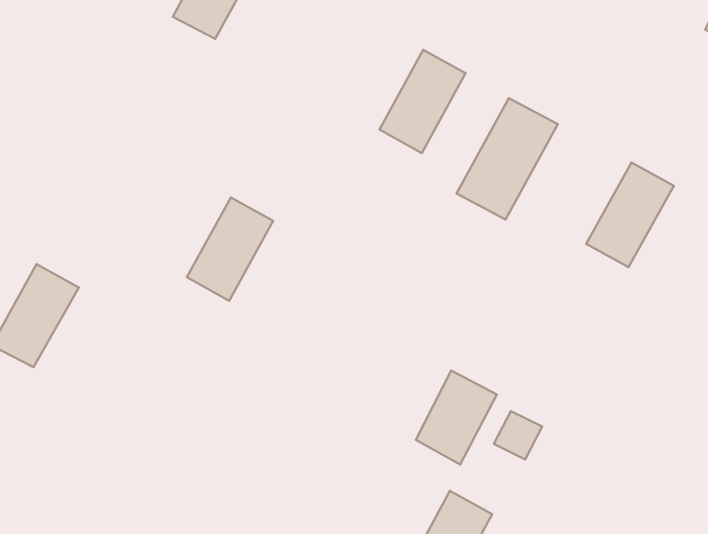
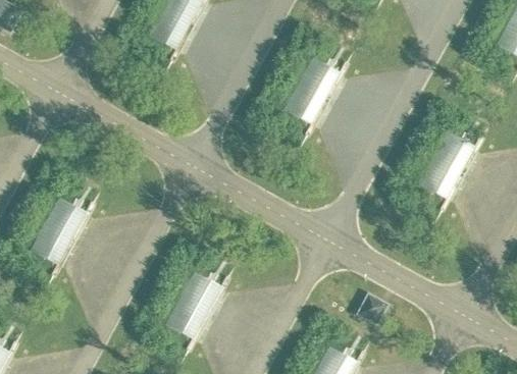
building: [457,98,558,219] -> none
building: [187,198,273,301] -> [164,271,220,338]
building: [416,371,497,464] -> none

